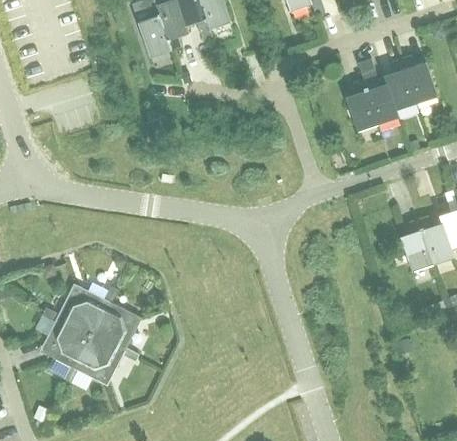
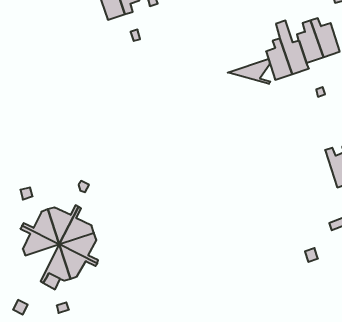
building: none -> [228,59,270,84]
building: [401,218,434,271] -> none
building: [47,334,90,380] -> none

